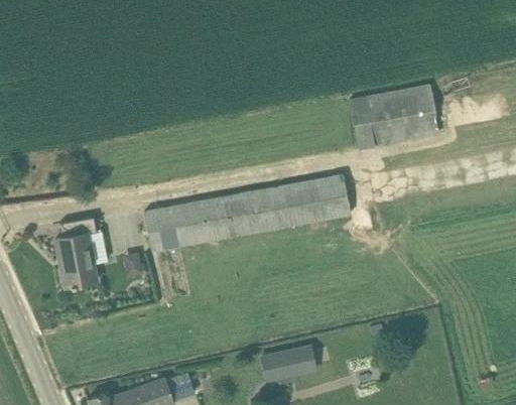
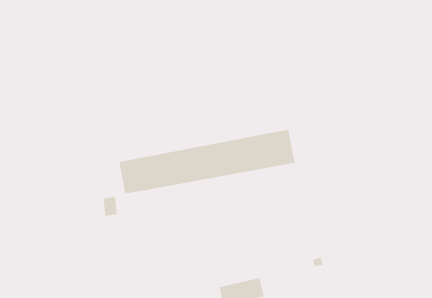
building: [350,85,437,147] -> none
building: [56,218,98,288] -> none

